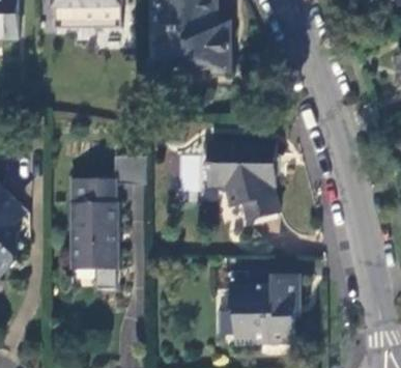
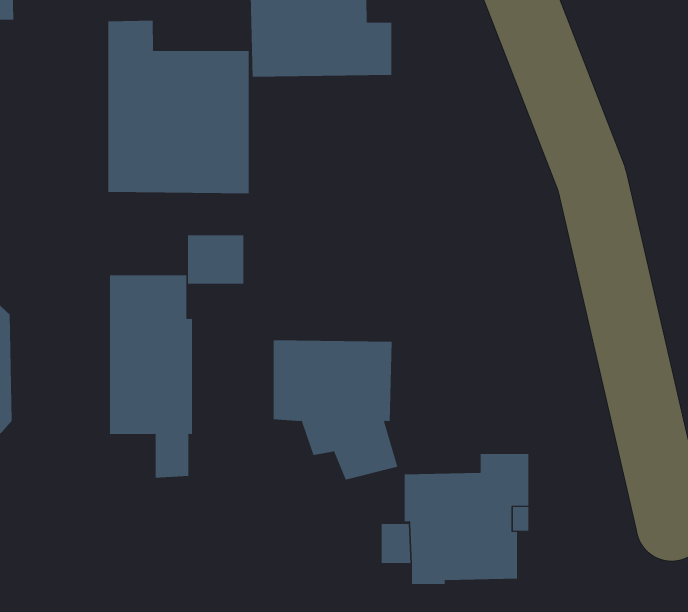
building: none -> [108,20,249,194]
building: [209,141,278,218] -> [273,340,398,480]

